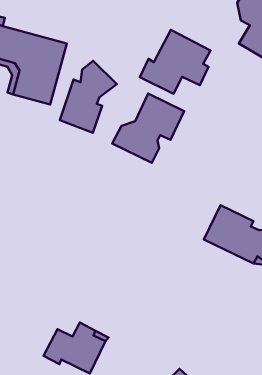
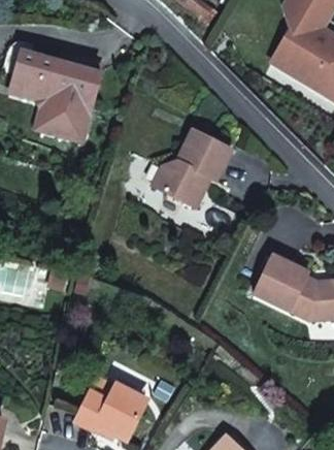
building: [140,30,211,94] -> none
building: [60,61,117,133] -> none

